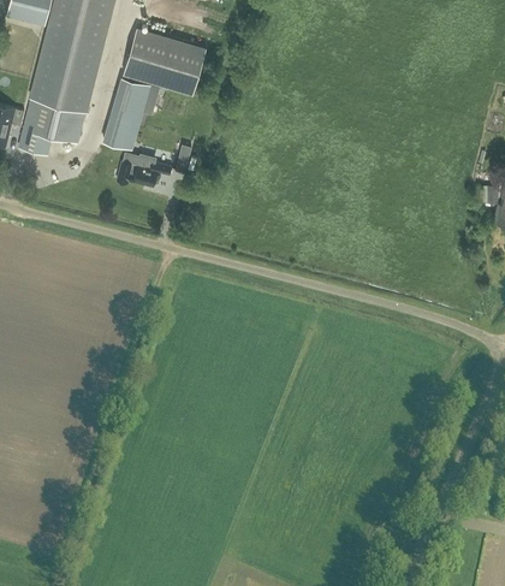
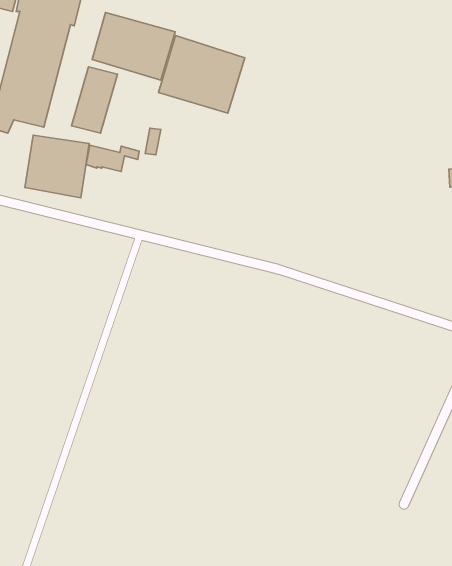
building: none -> [159,35,245,113]
building: none -> [25,135,89,198]

